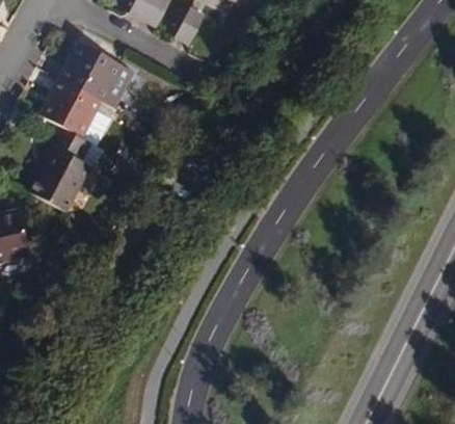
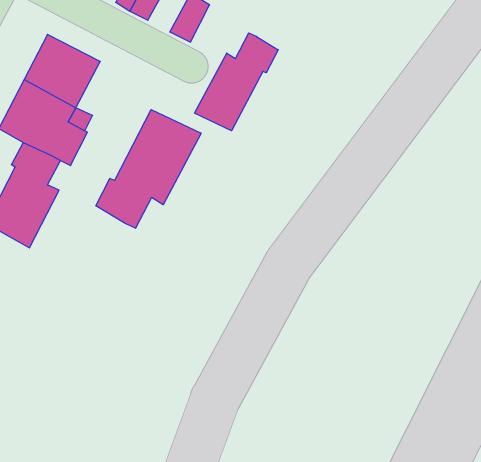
building: none -> [195,33,278,131]
building: none -> [96,110,201,228]

